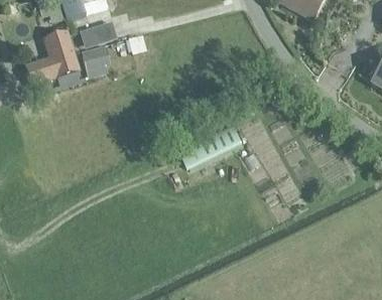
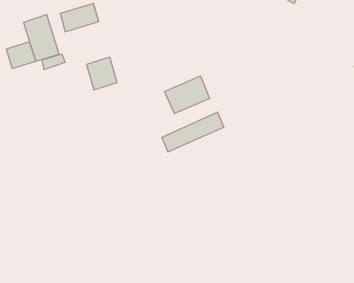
building: [81,43,111,76] -> [87,57,117,90]
building: none -> [165,76,210,114]

